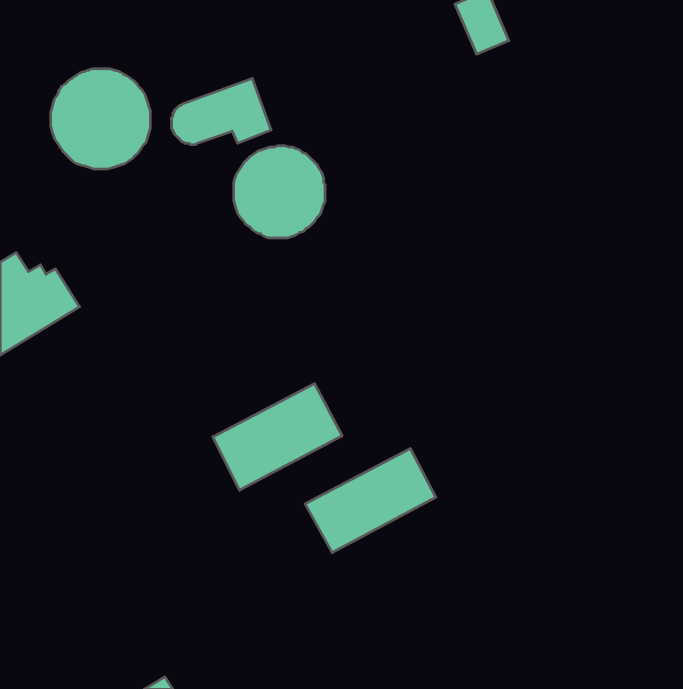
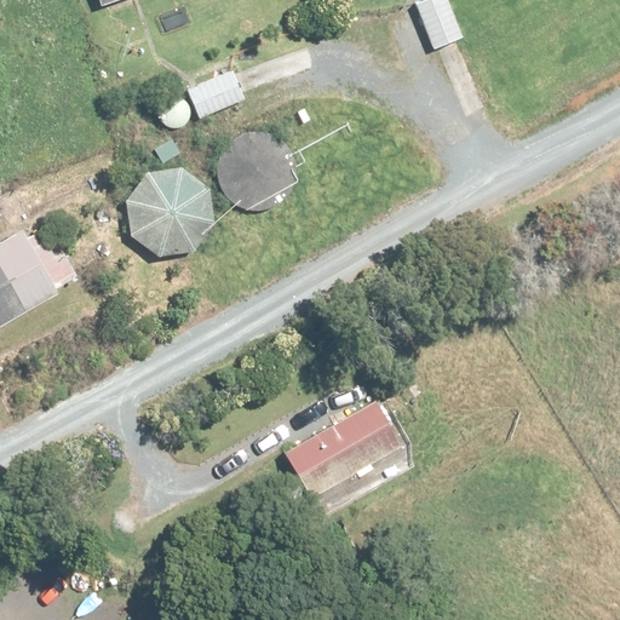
building: [51,69,150,169] -> [124,166,213,256]
building: [213,384,342,490] -> none

